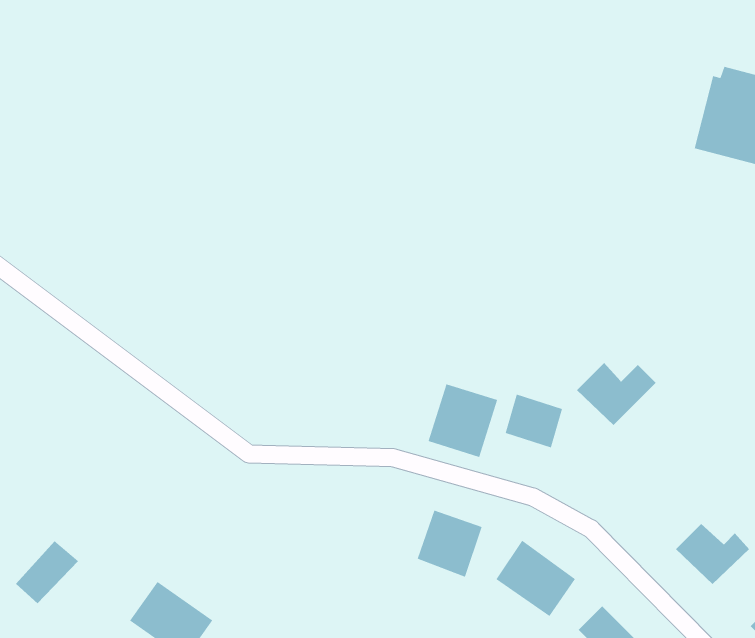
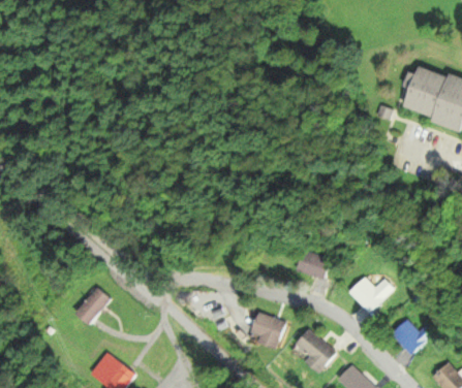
building: [576,362,657,426] -> [349,277,394,312]
building: [428,383,498,458] -> none
building: [15,541,79,604] -> [75,288,111,323]

